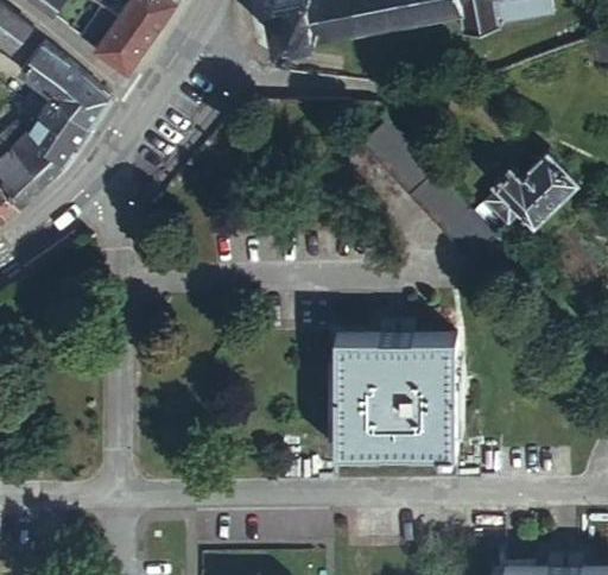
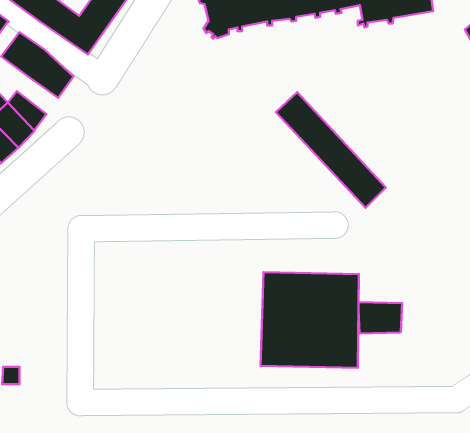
building: [38,96,89,143] -> none
building: [487,150,580,225] -> none
building: none -> [358,302,402,334]

